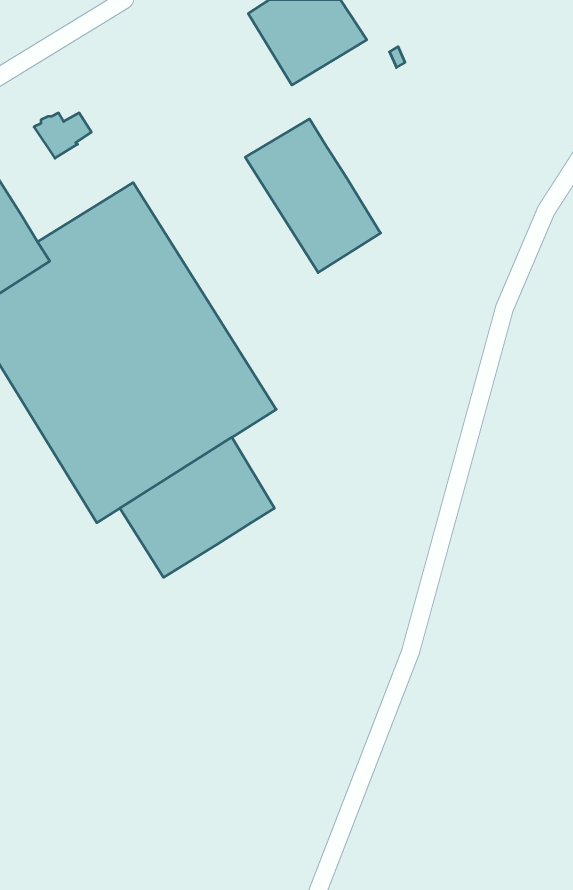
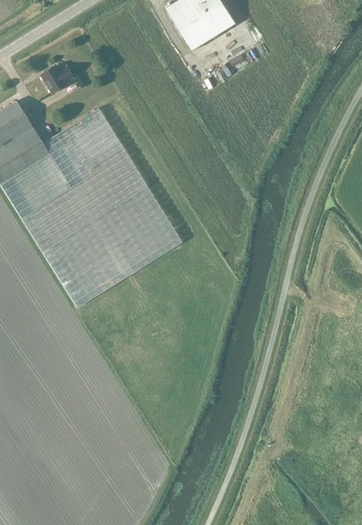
building: [245,119,381,273] -> none
building: [120,437,274,577] -> none

